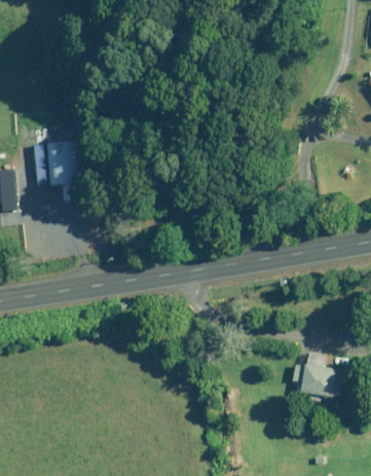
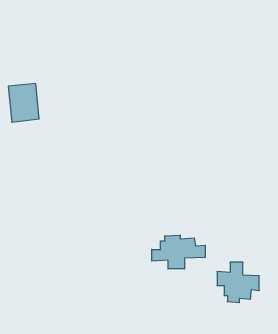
building: none -> [152,235,205,269]

